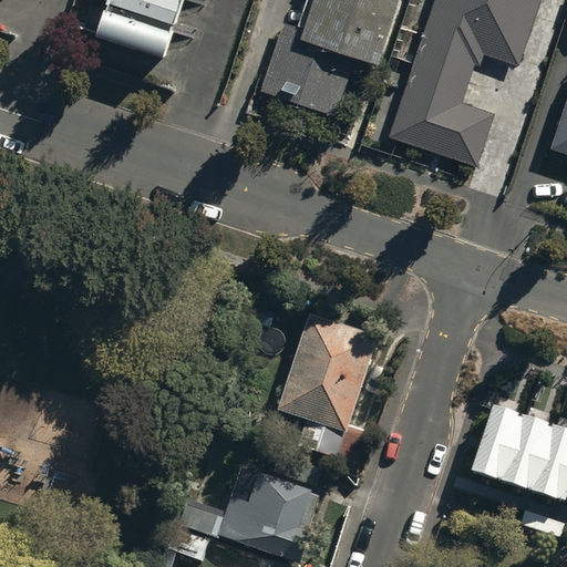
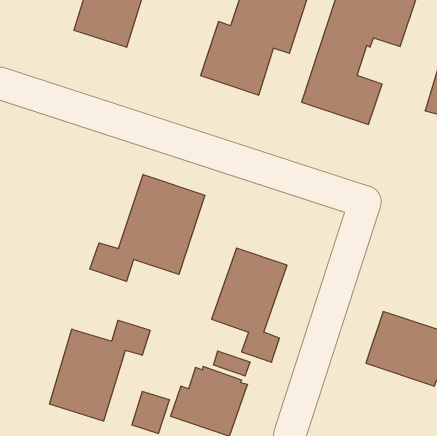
building: none -> [90,174,205,281]
building: none -> [49,320,150,421]

